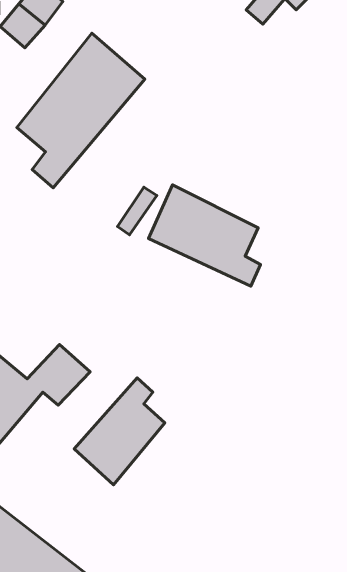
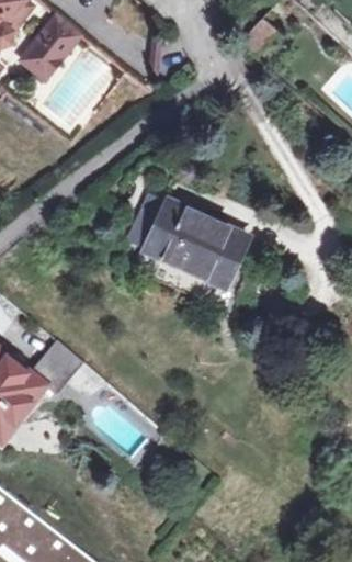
building: [17,33,145,188] -> none
building: [74,378,165,485] -> none

